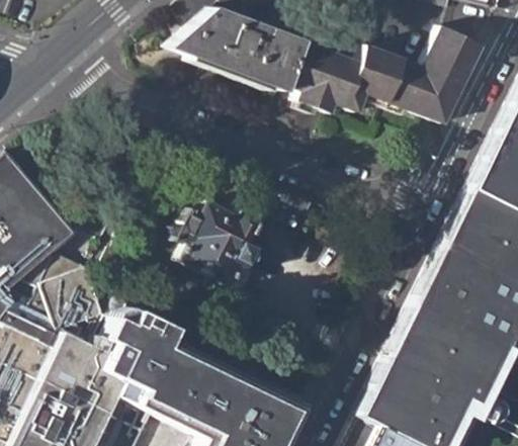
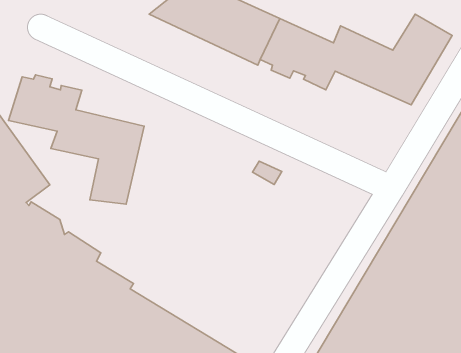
building: none -> [9,75,144,204]
building: [167,203,258,287] -> none

